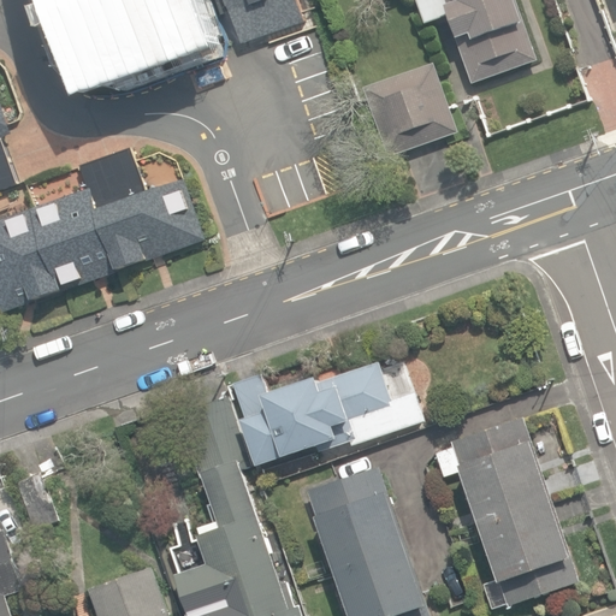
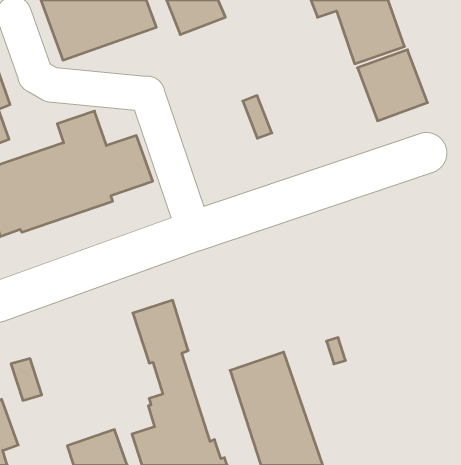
building: [361,64,454,158] -> [357,50,428,121]
building: [229,362,424,466] -> none
building: [449,417,576,609] -> none

